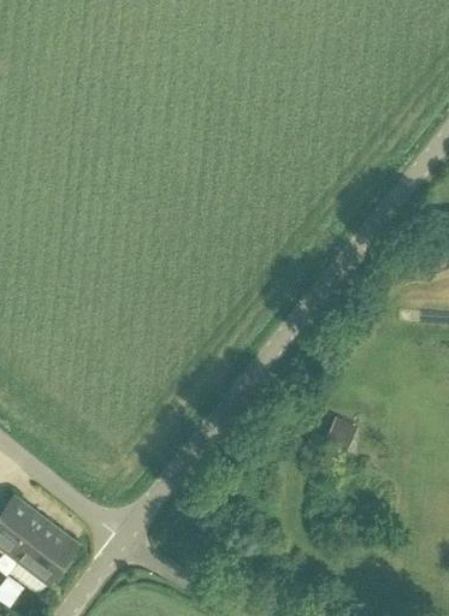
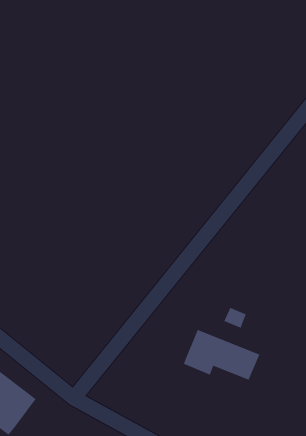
building: none -> [183,329,260,380]

